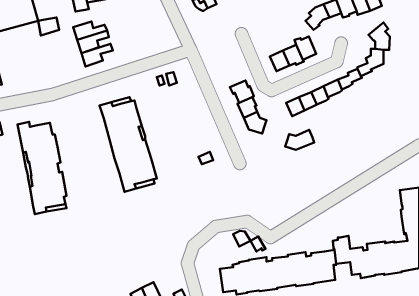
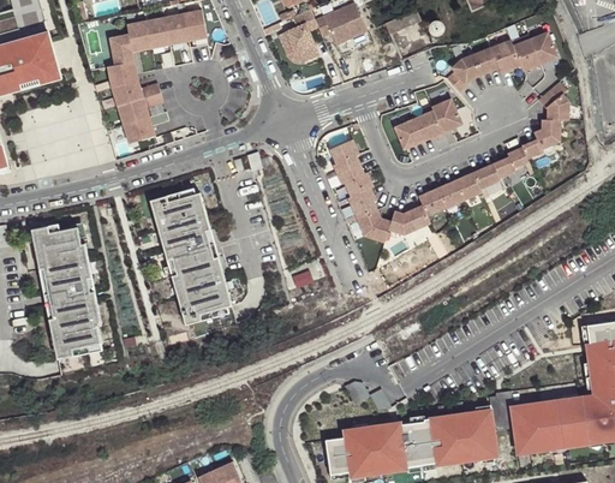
building: [38,17,59,36] -> [107,61,137,88]
building: none -> [330,139,360,174]
building: [285,130,314,150] -> [388,205,430,234]

